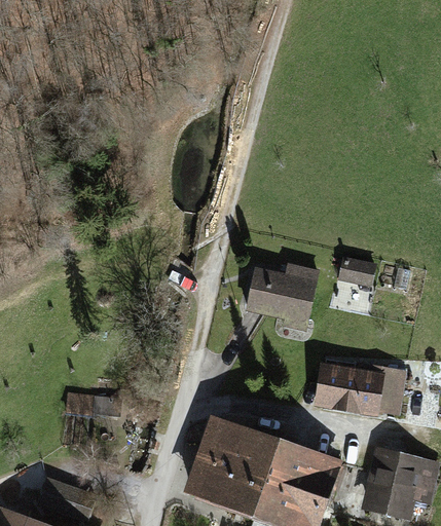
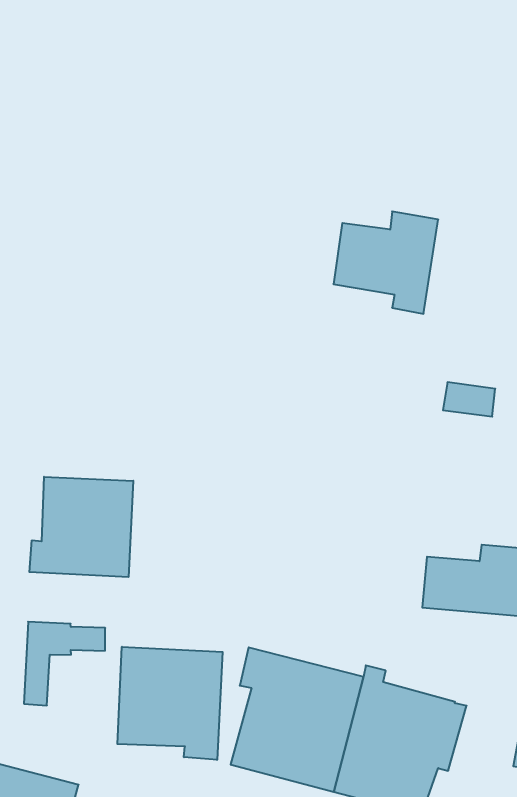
building: [247,265,316,331] -> [333,211,438,314]
building: none -> [29,477,133,577]
building: none -> [117,647,223,760]

